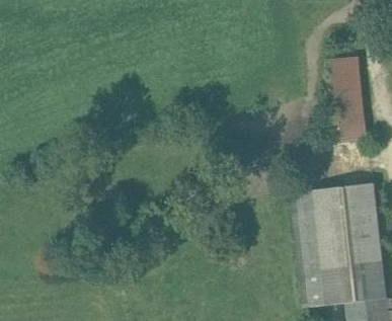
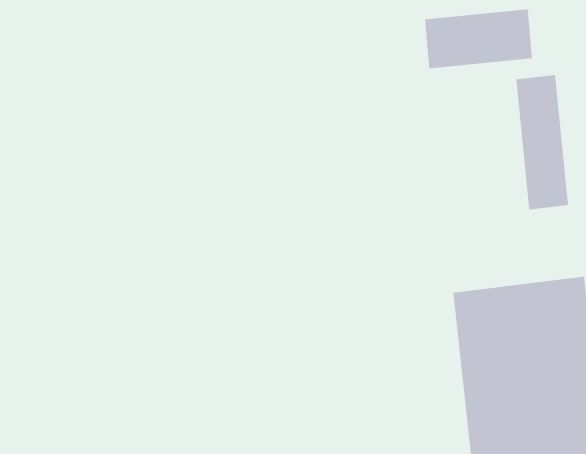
building: none -> [425,8,533,69]

